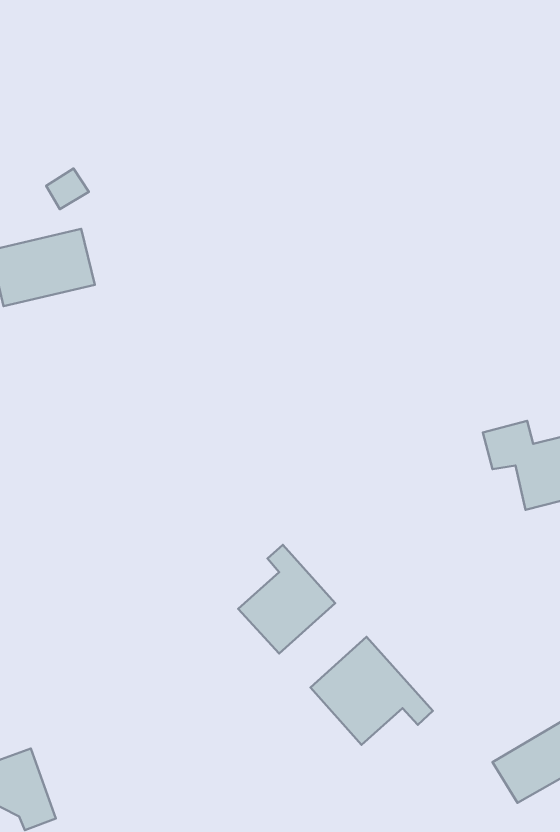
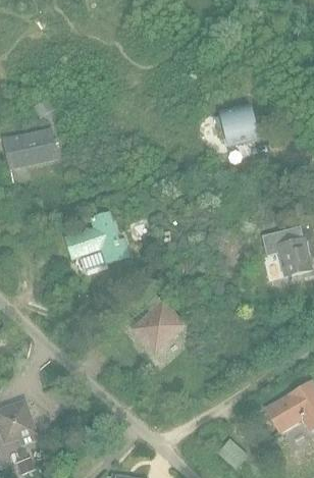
building: none -> [218,105,257,147]
building: none -> [65,213,127,263]
building: [311,637,433,745] -> none

